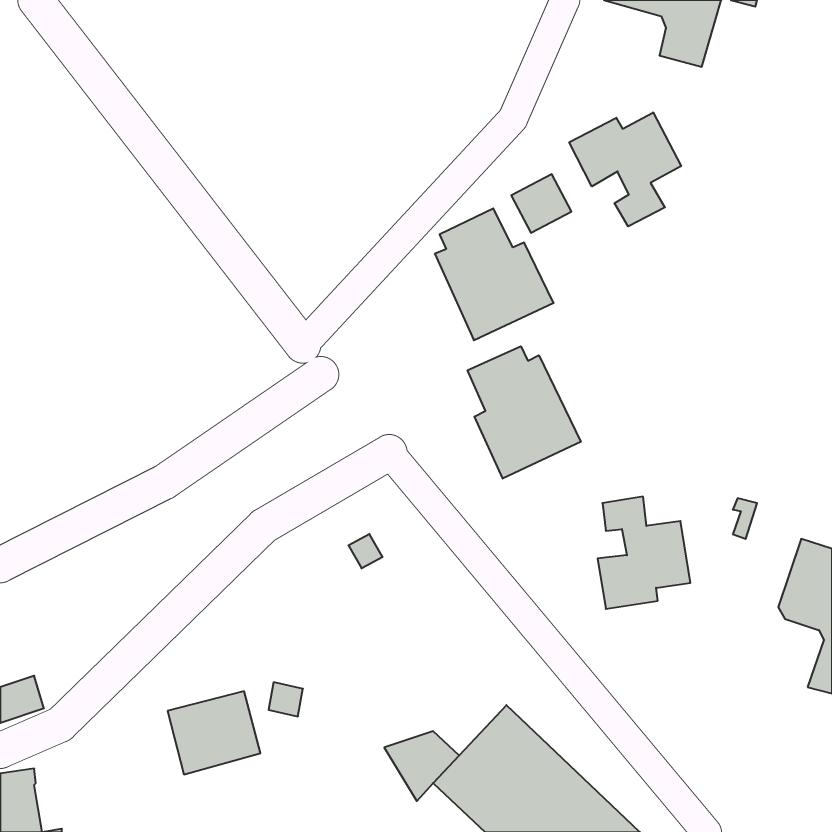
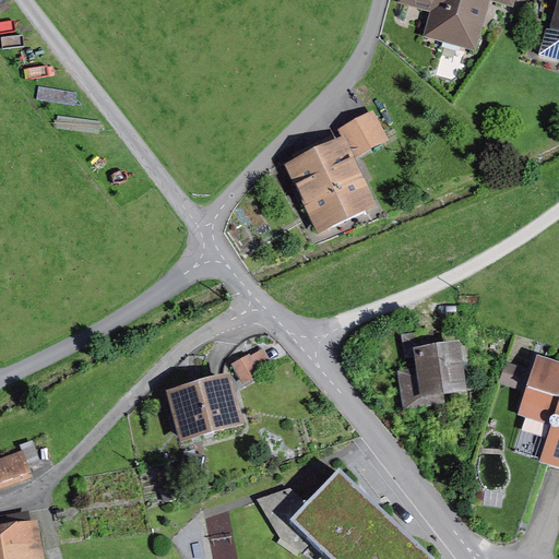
building: [569,112,681,226] -> none
building: [468,346,581,479] -> none
building: [168,691,260,774] -> [174,383,236,439]

